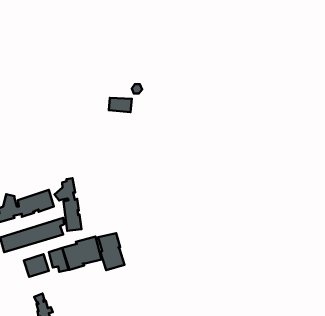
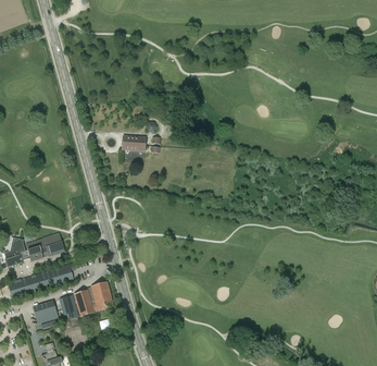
building: [55,178,82,231] -> none
building: [98,233,124,270] -> none

